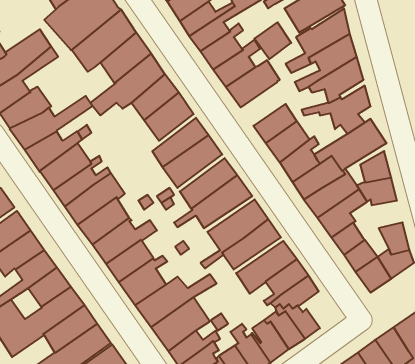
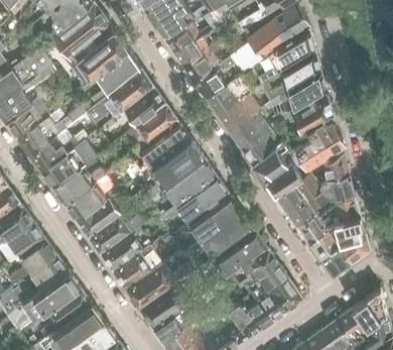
building: none -> [217,93,259,131]
building: none -> [315,197,359,230]
building: none -> [267,276,301,309]

